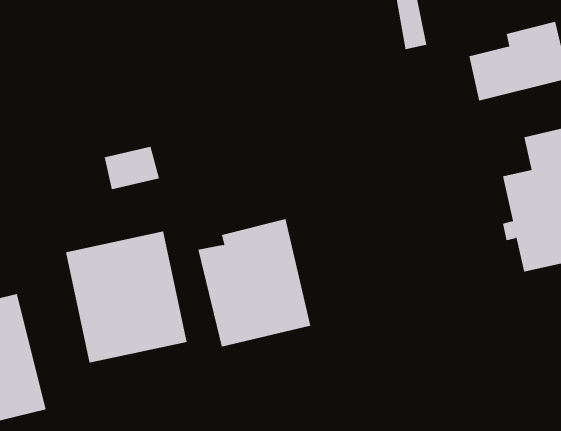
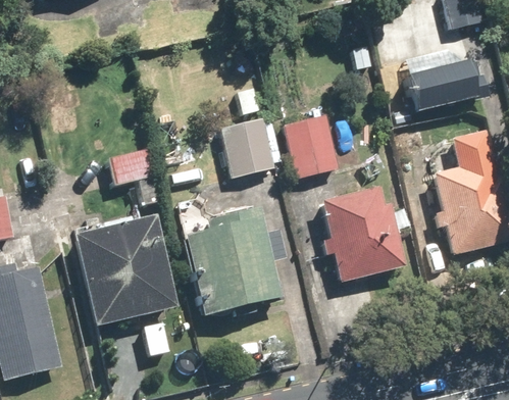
building: none -> [282,114,337,179]
building: none -> [219,116,279,177]
building: none -> [321,188,411,281]

